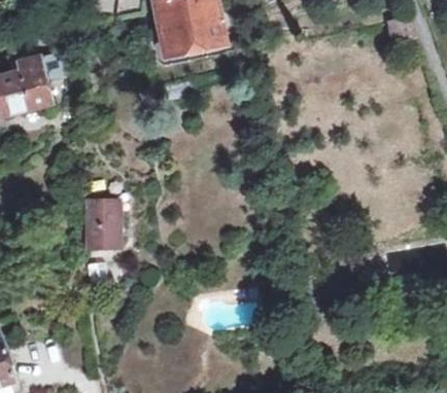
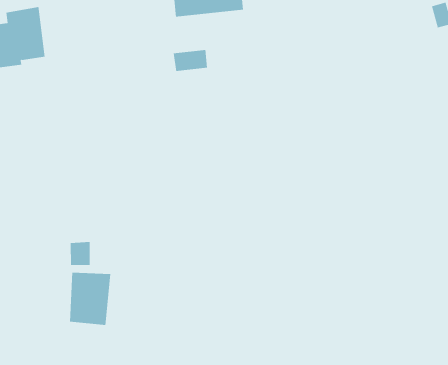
building: [84,199,121,246] -> [69,272,111,325]

